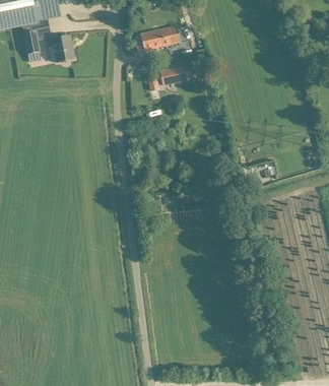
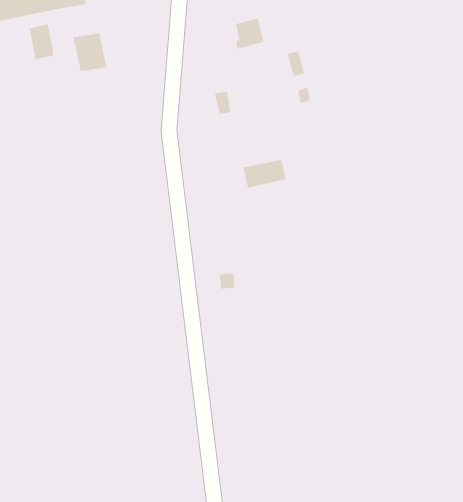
building: [134,28,163,51] -> none
building: [159,65,189,84] -> [243,160,286,188]

